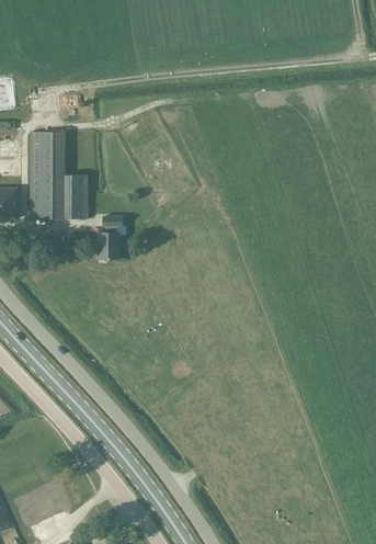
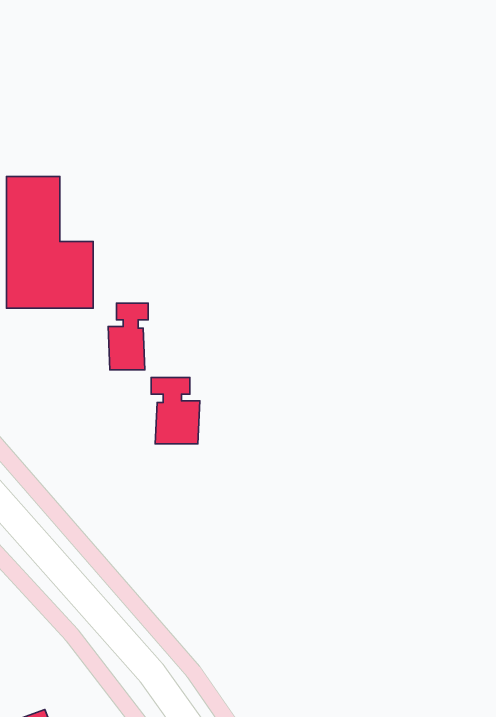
building: none -> [151,378,200,444]

